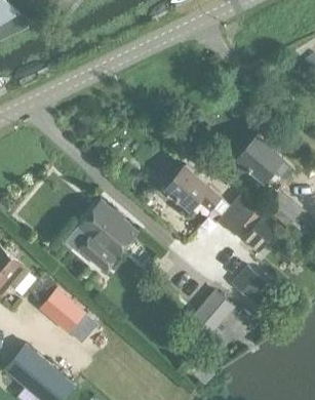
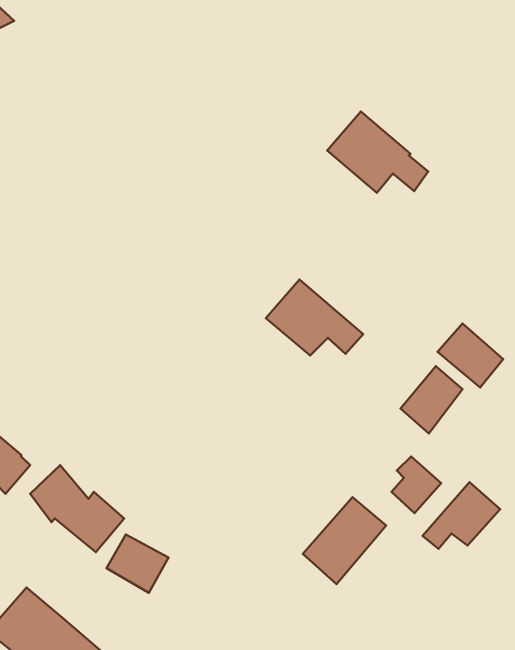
building: [236,134,294,182] -> [327,111,428,193]
building: [216,196,257,236] -> none
building: [80,202,136,270] -> none
building: none -> [422,482,500,549]

